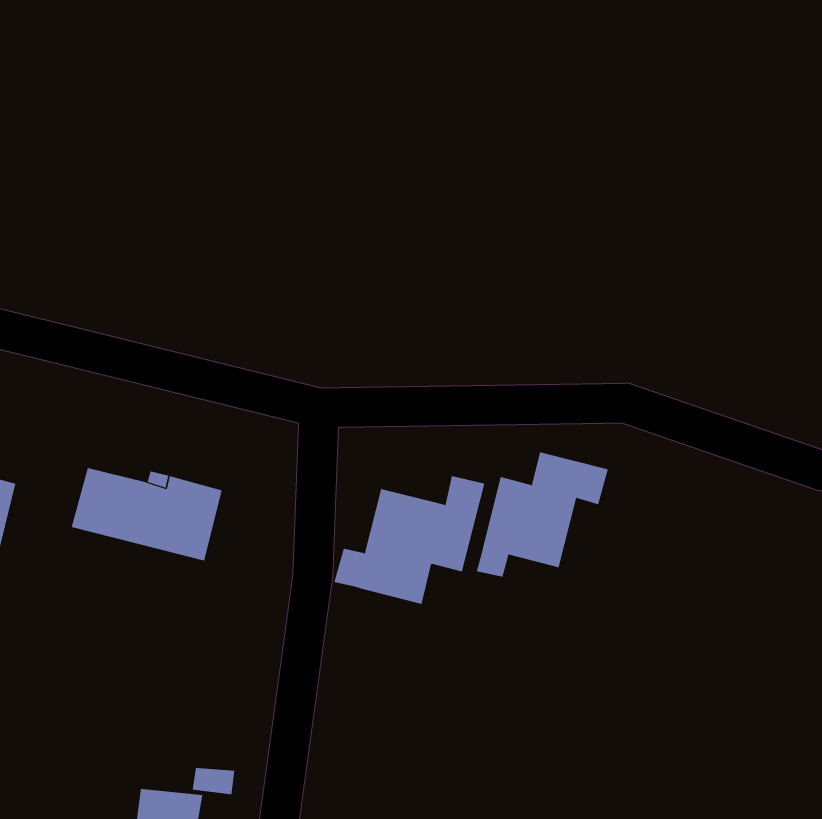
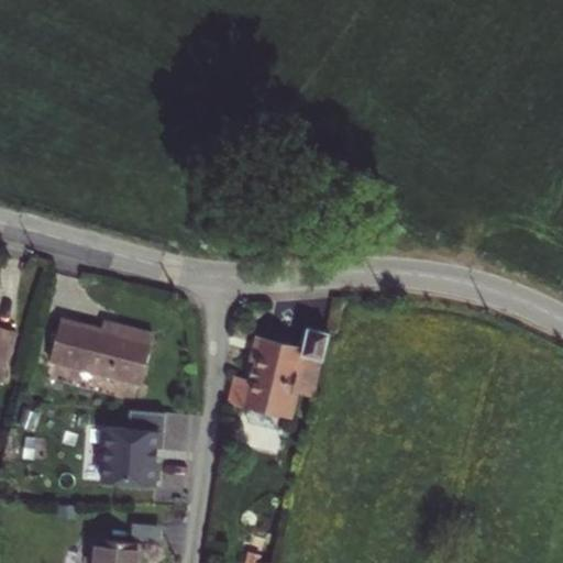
building: [476,451,608,578] -> none
building: none -> [85,410,165,483]

